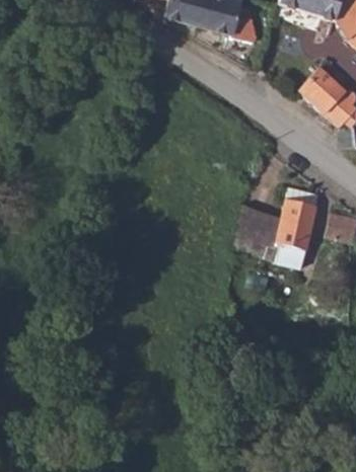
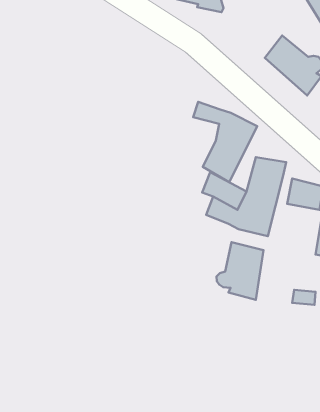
building: none -> [193,102,257,182]
building: none -> [216,242,264,300]

